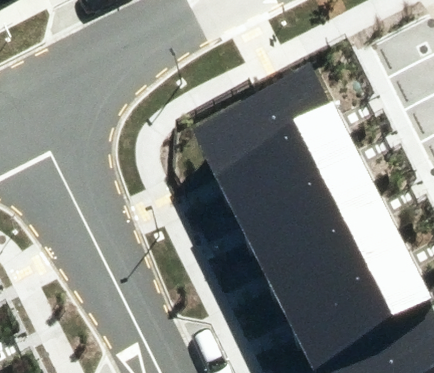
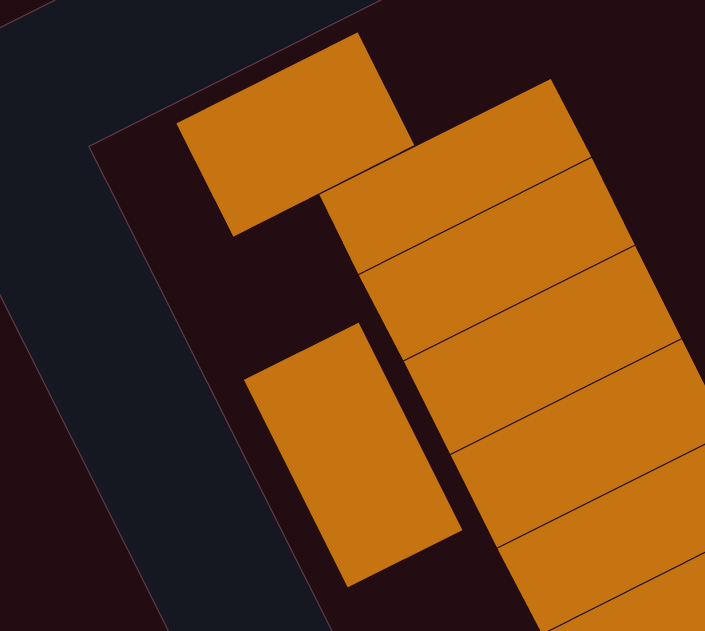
building: none -> [175,31,415,237]
building: none -> [243,322,463,588]

